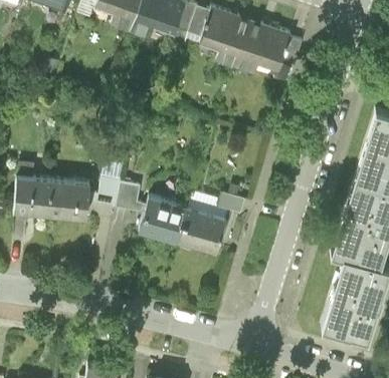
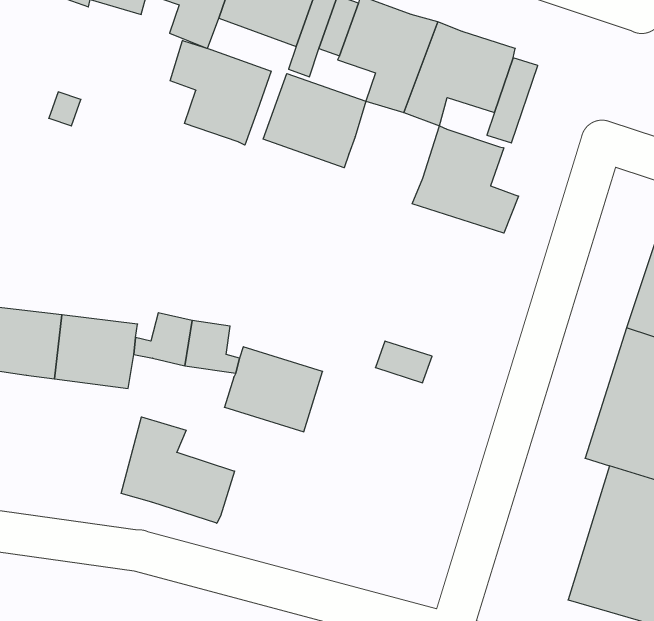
building: none -> [170,40,271,145]
building: none -> [263,74,366,168]
building: none -> [412,126,519,233]
building: [181,208,229,252] -> none
building: none -> [121,417,235,523]

